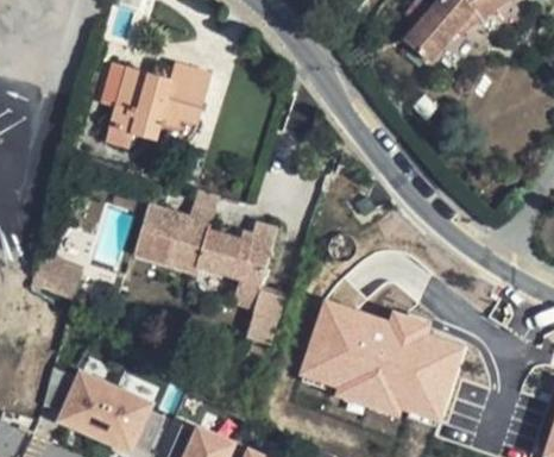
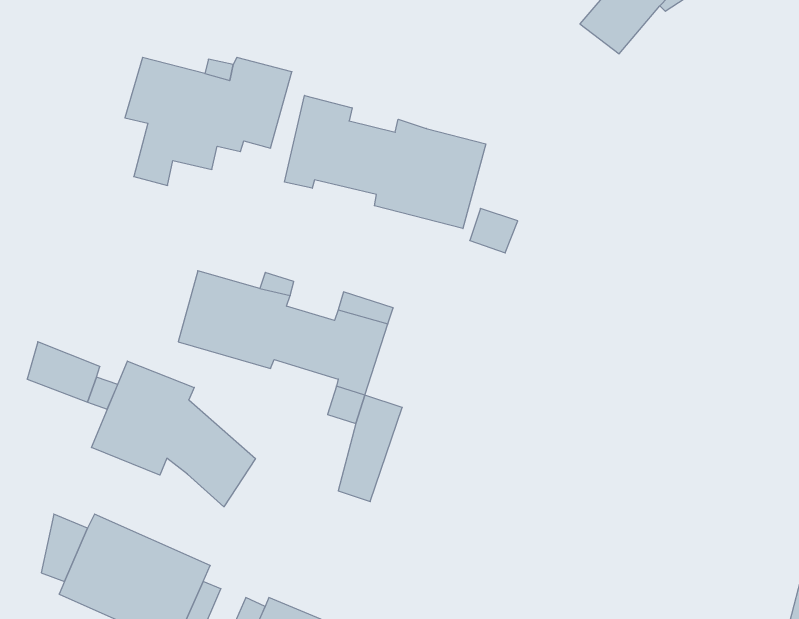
building: none -> [285,95,486,229]
building: none -> [92,361,255,507]
building: [296,295,466,422] -> none

